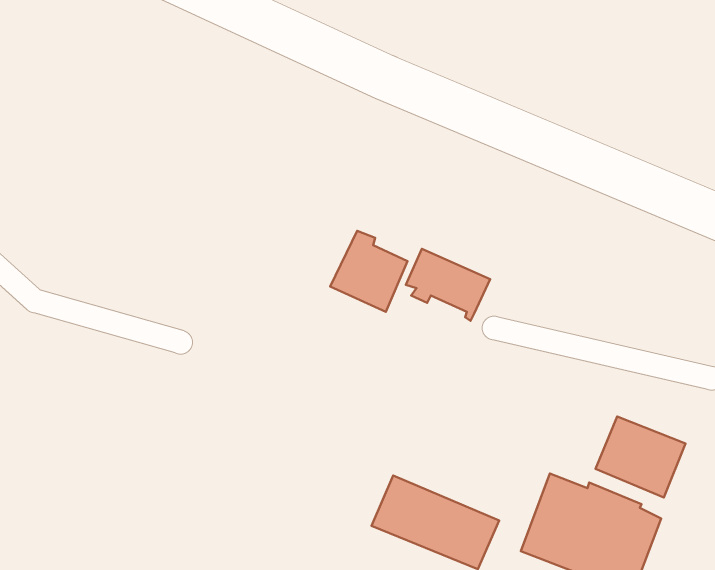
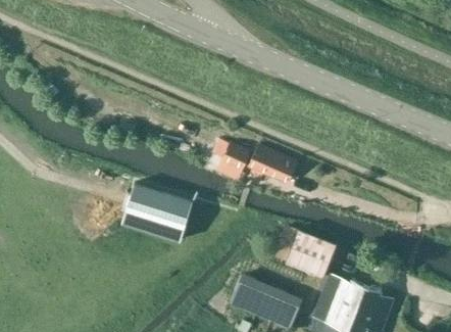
building: none -> [121,184,192,242]
building: [596,417,686,498] -> [285,231,336,277]

